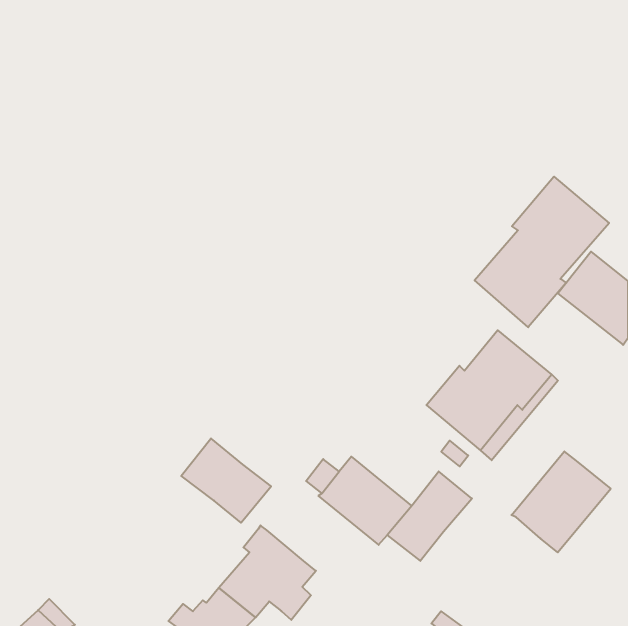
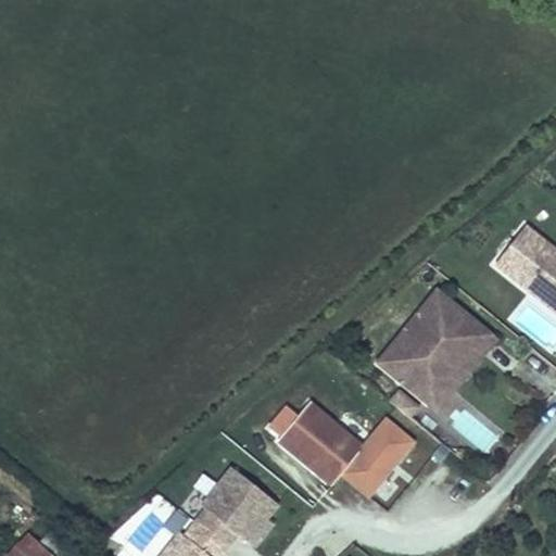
building: [475,177,609,327] -> none
building: [181,438,271,523] -> none
building: [511,451,611,552] -> none

